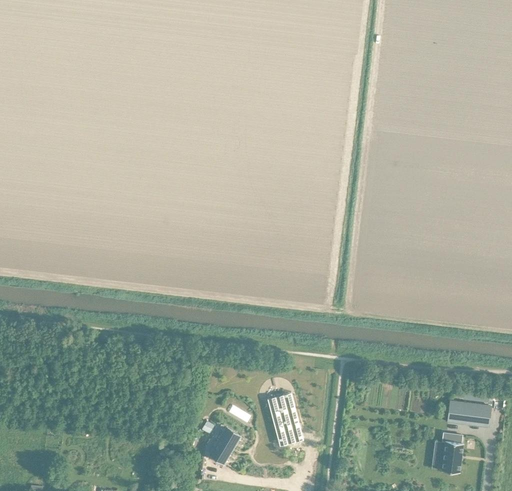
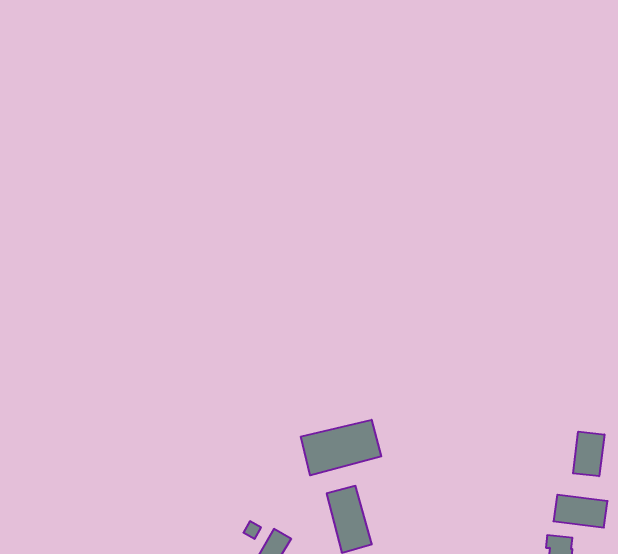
building: none -> [301,420,381,475]
building: none -> [573,432,604,476]

